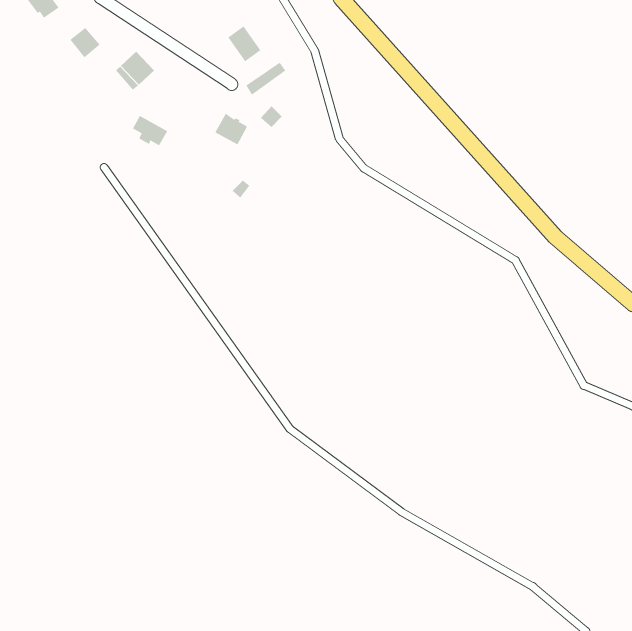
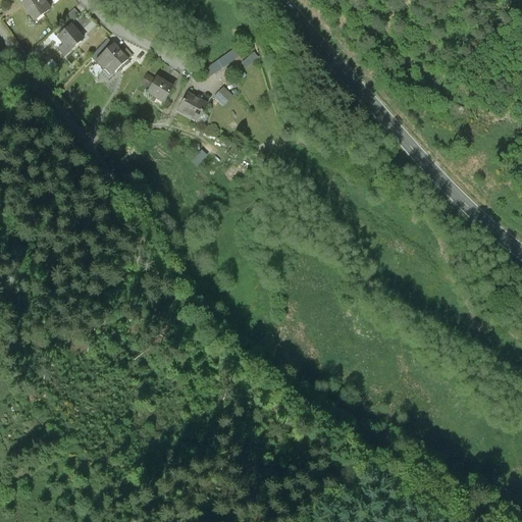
building: [228,26,261,62] -> none
building: [132,115,168,146] -> [142,72,171,98]

